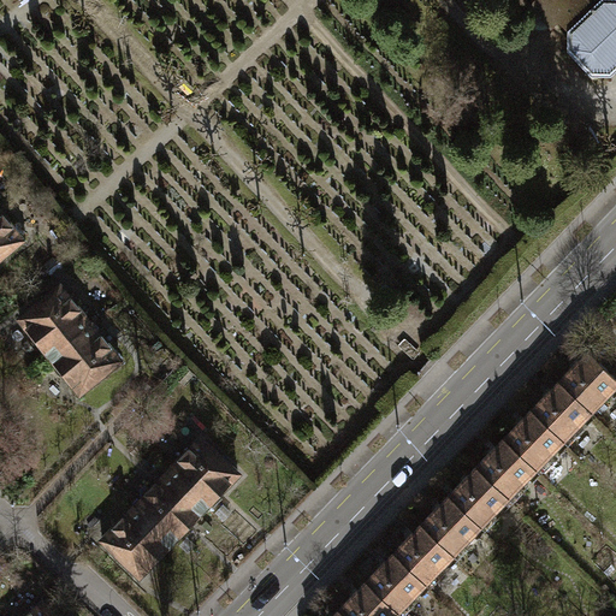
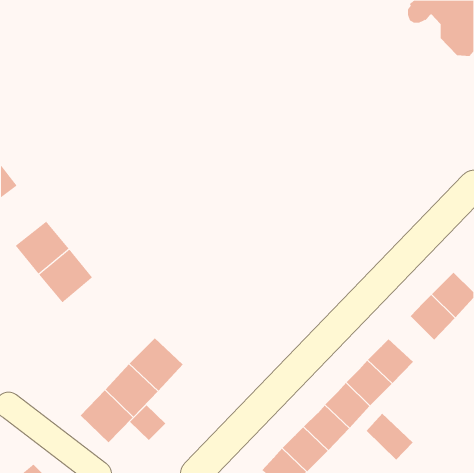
building: [504,411,563,470] -> none
building: none -> [129,405,166,441]
building: none -> [366,413,413,461]

